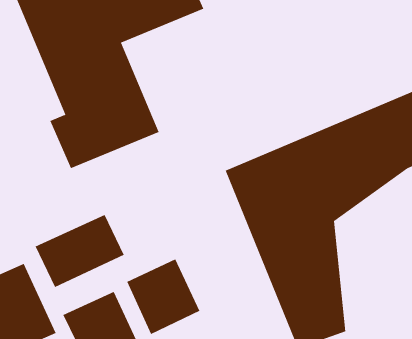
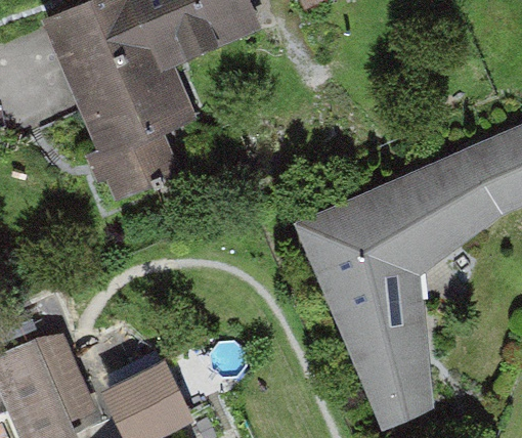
building: [35,214,124,288] -> none
building: [127,258,200,335] -> none

